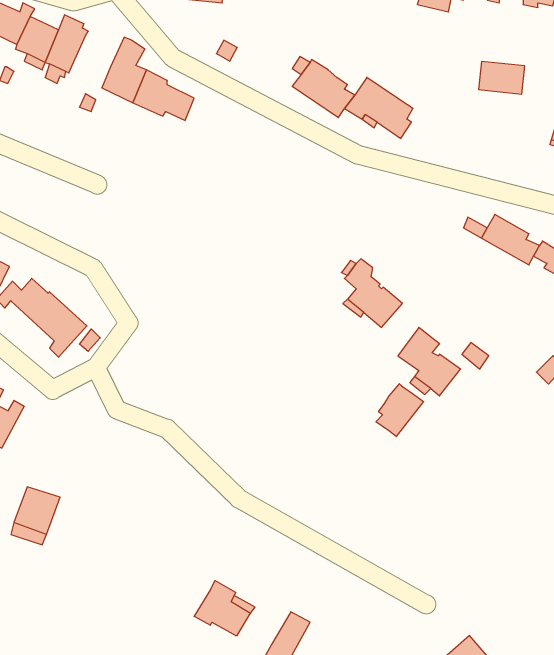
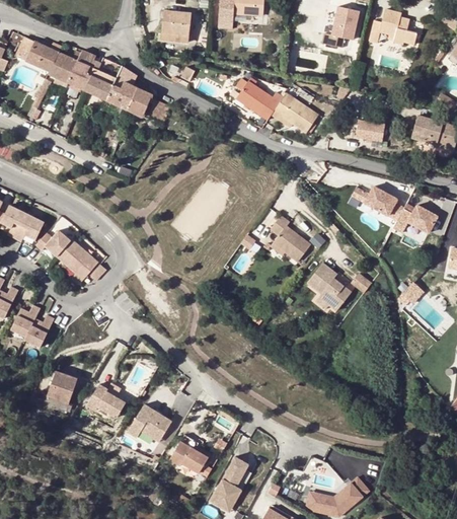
building: none -> [84,57,122,100]
building: [479,61,525,94] -> [353,119,384,141]
building: [376,384,424,437] -> none
building: none -> [86,384,126,419]
building: none -> [127,404,171,443]

